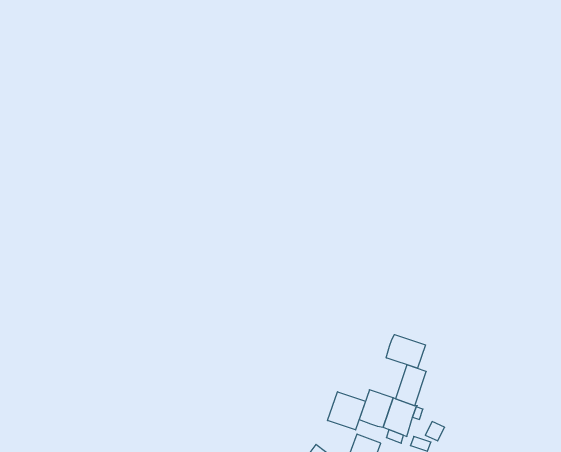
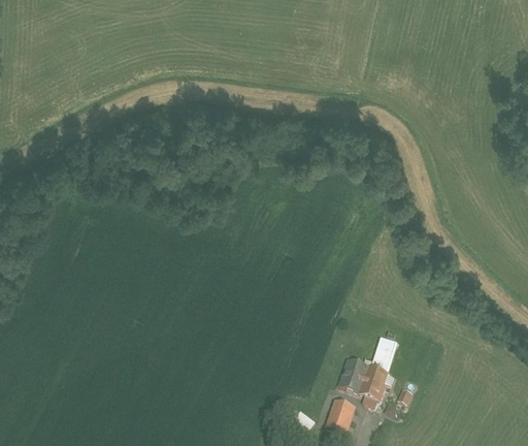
building: [386,335,425,368] -> none
building: [328,392,365,430] -> none

